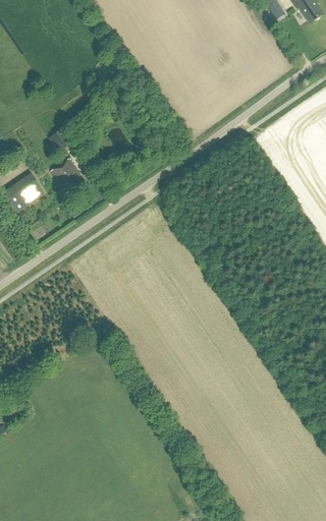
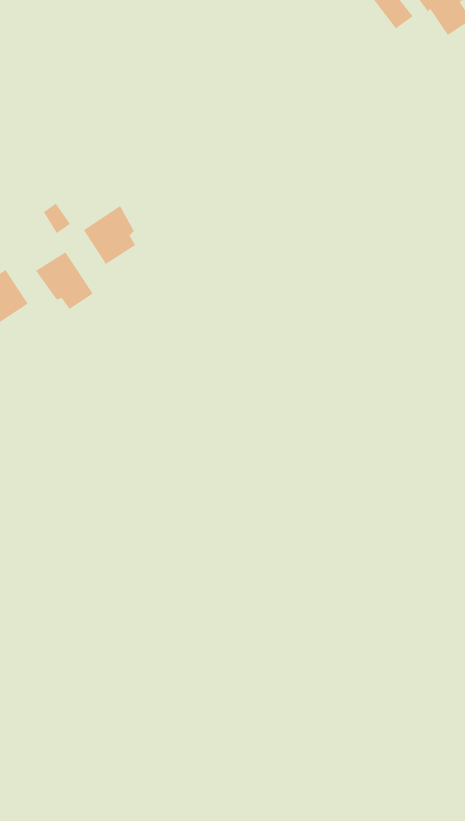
building: none -> [83,205,136,265]

